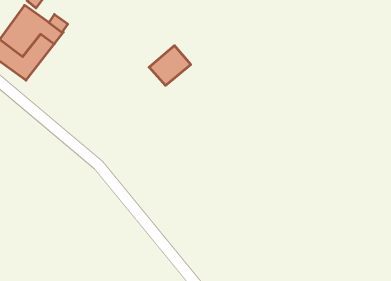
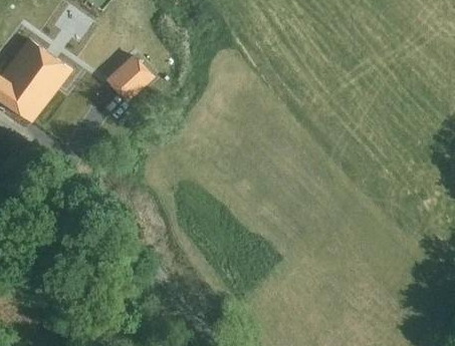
building: [149,46,191,85] -> [108,54,155,98]

